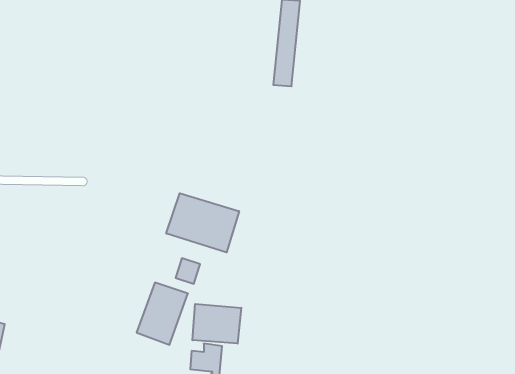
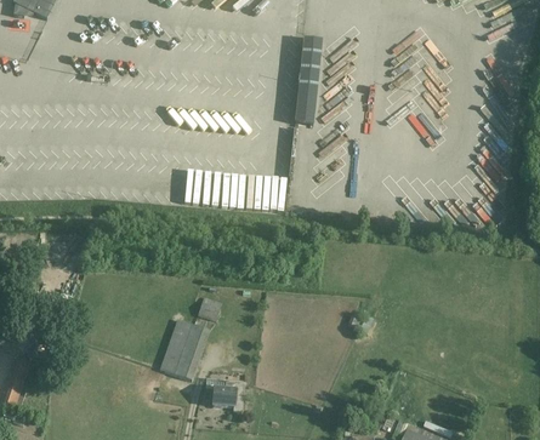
building: [166,193,239,252] -> none
building: [192,304,241,344] -> none

